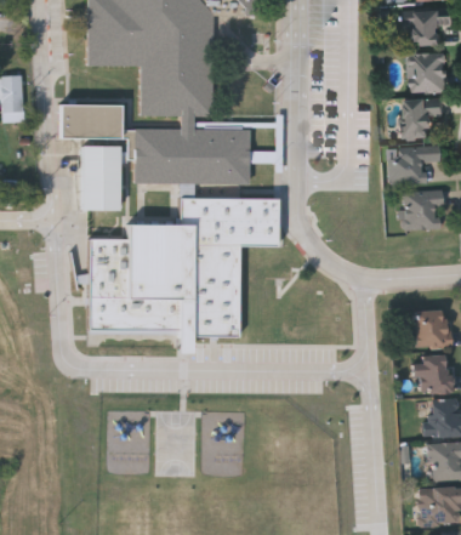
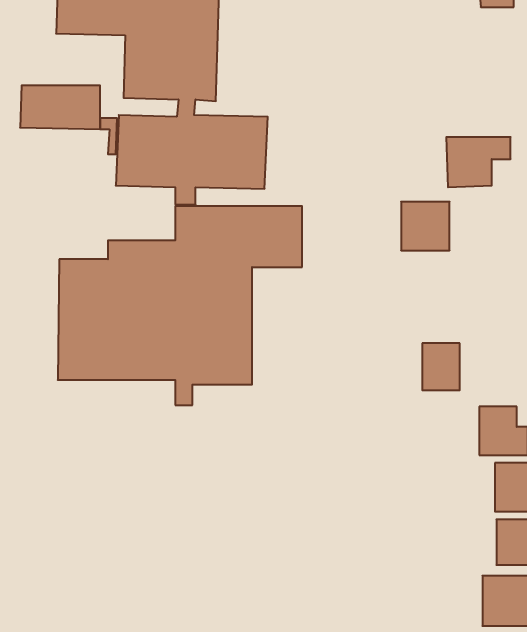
building: [408,53,445,91] -> none
building: [404,98,442,138] -> none
building: [81,147,120,211] -> none
building: [404,192,442,229] -> [401,202,450,250]
building: [415,309,444,346] -> [422,343,460,390]

